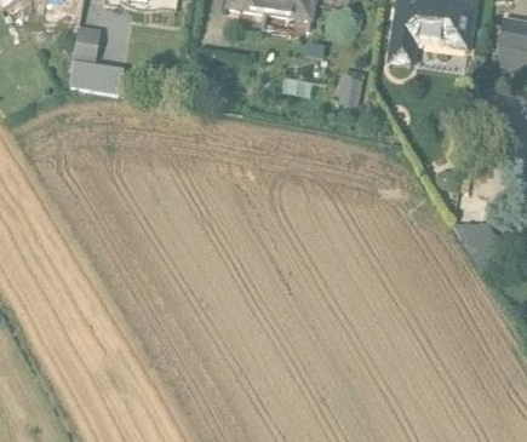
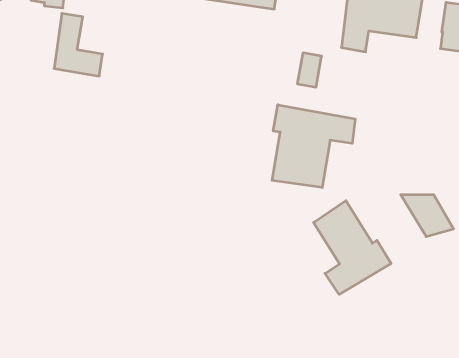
building: none -> [272,105,355,188]
building: none -> [314,201,391,294]

